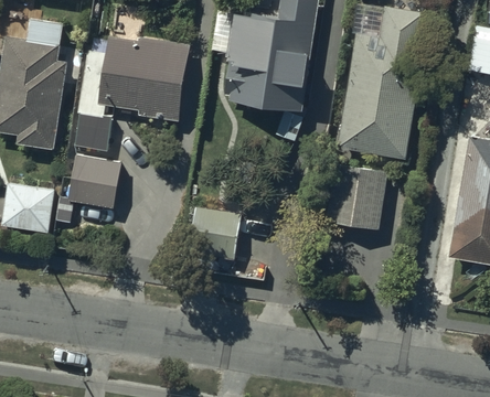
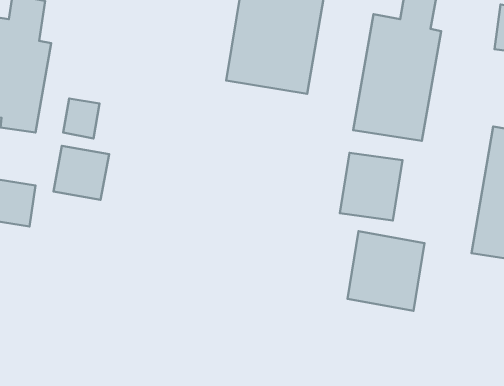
building: [104,41,185,119] -> none
building: [188,210,241,264] -> none
building: none -> [348,231,424,311]

